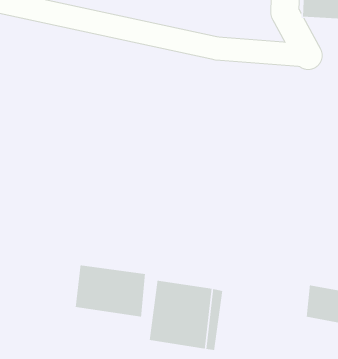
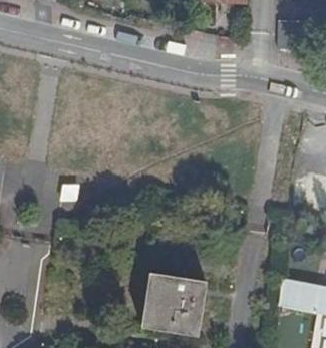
building: [75,265,146,318] -> none

